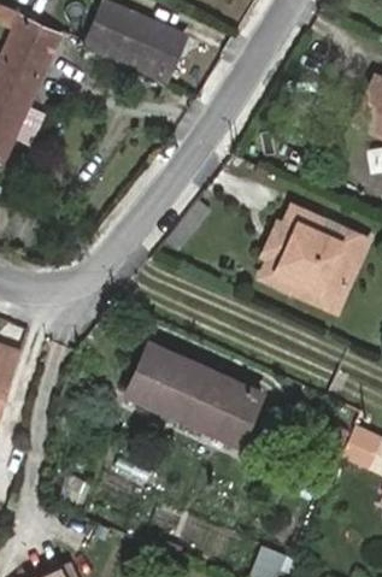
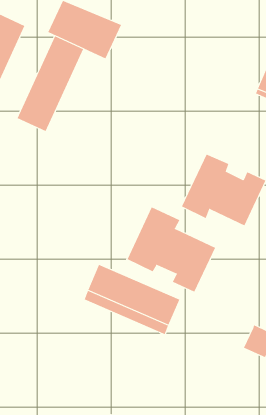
building: none -> [17,36,84,132]
building: none -> [127,207,216,293]

